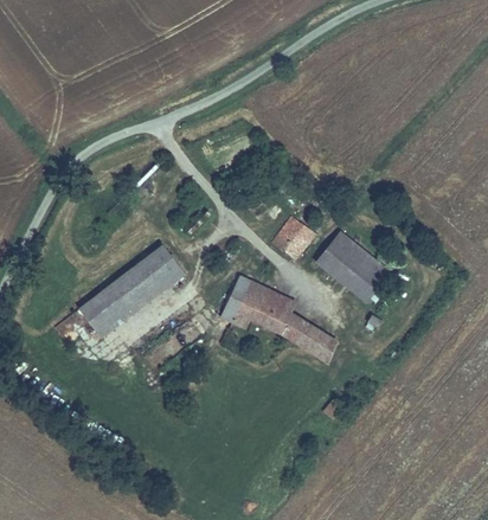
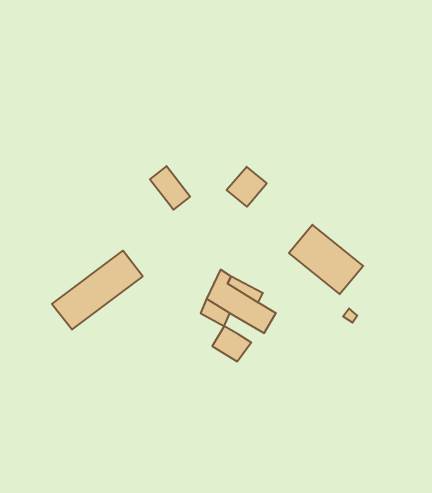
building: [274,214,314,255] -> [227,167,267,207]
building: [147,244,187,288] -> [150,166,190,210]
building: [289,320,328,355] -> [212,326,251,361]

